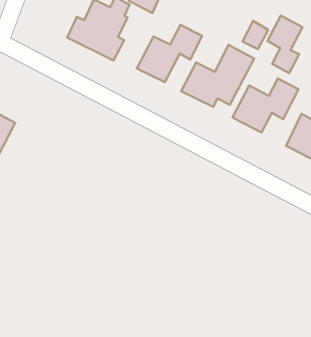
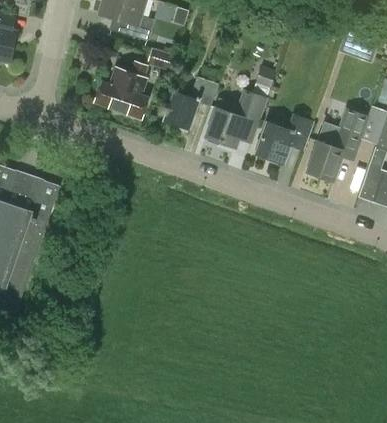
building: [268,15,302,73] -> none

